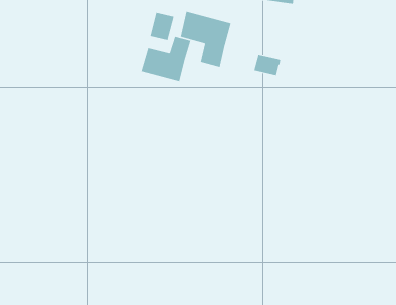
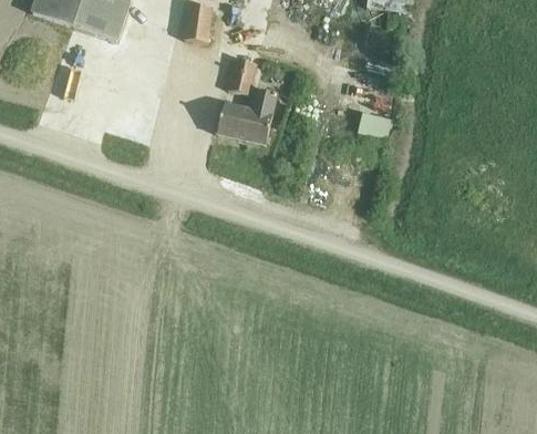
building: [180,11,231,68] -> none

